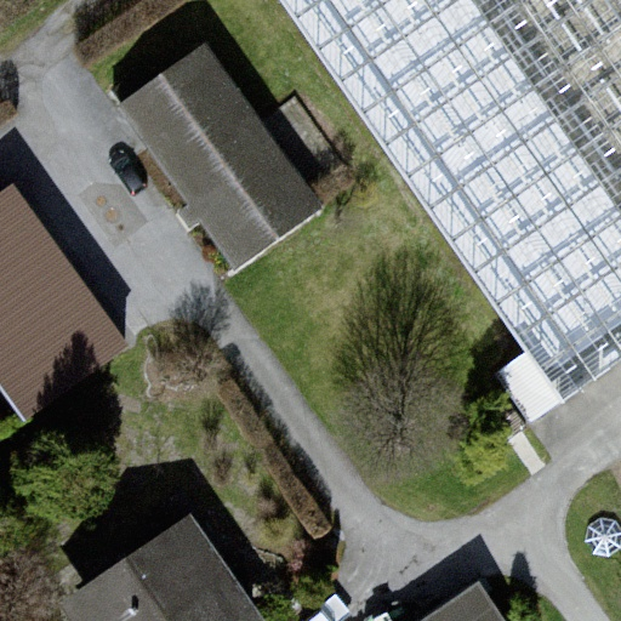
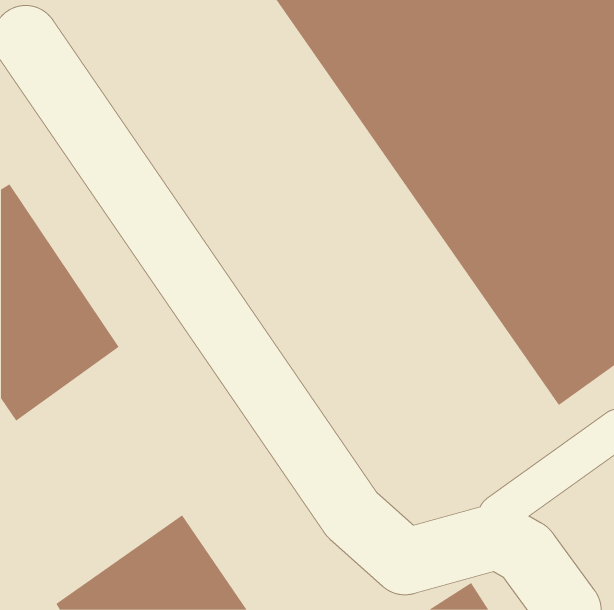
building: [123,47,315,267] -> none

